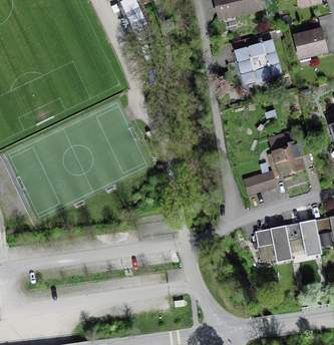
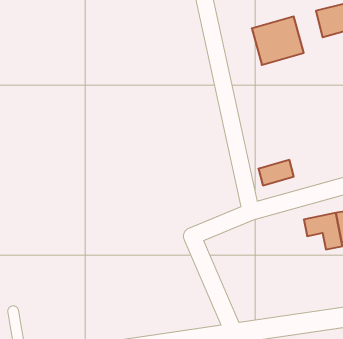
building: [265,134,304,179] -> none
building: [253,226,289,259] -> none

